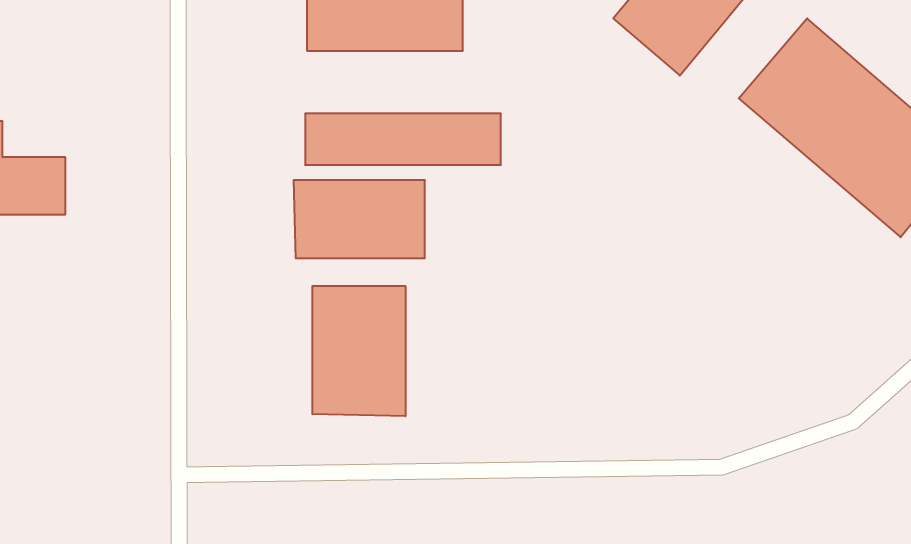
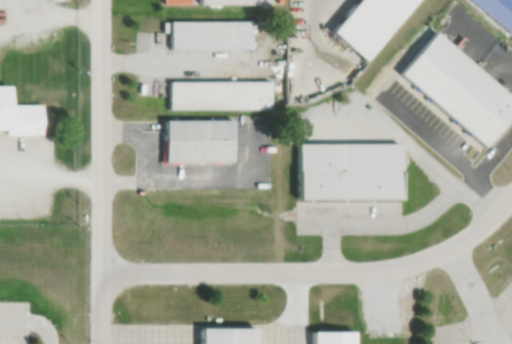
building: none -> [302,141,405,199]
building: [312,286,405,416] -> none

